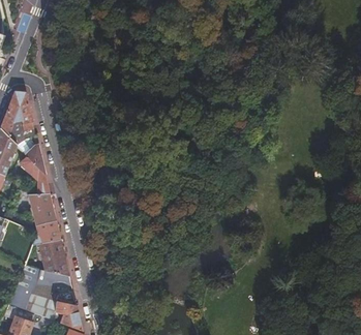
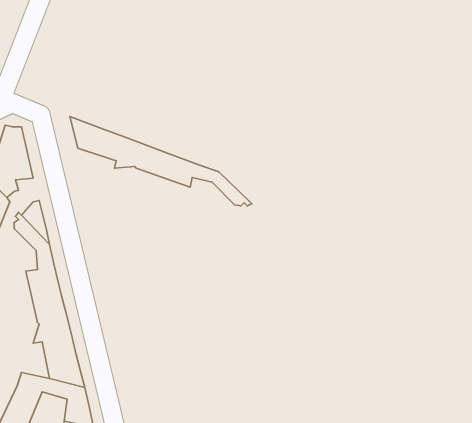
building: none -> [70,116,252,206]

